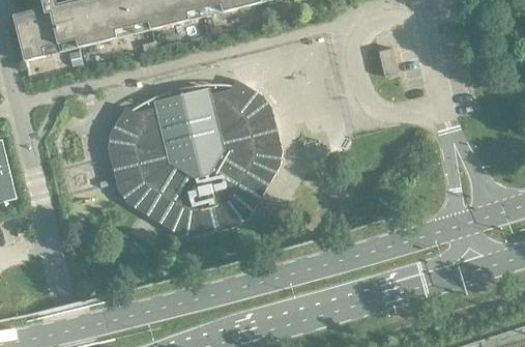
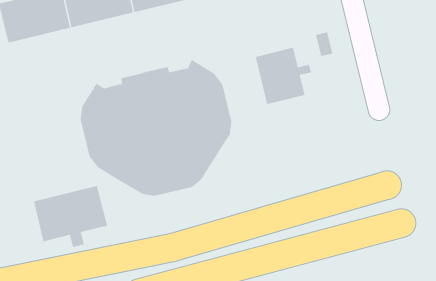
building: none -> [255,47,312,105]
building: none -> [33,185,108,248]

